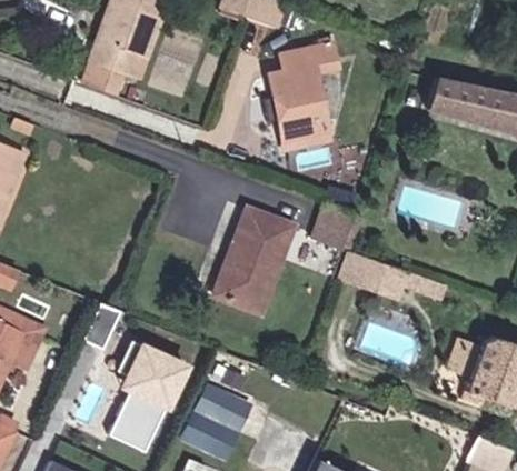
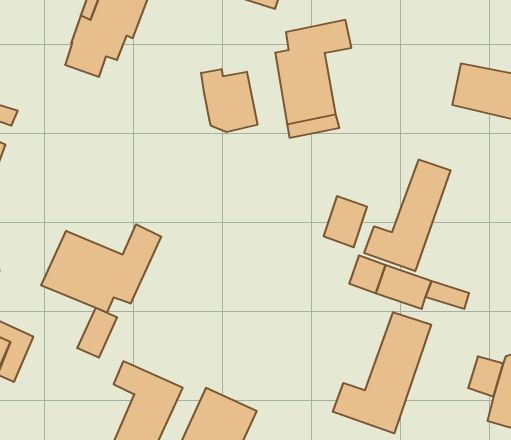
building: none -> [201,69,257,132]
building: none -> [364,160,450,271]
building: [217,206,302,307] -> none
building: none -> [41,224,161,313]
building: none -> [333,312,431,433]

